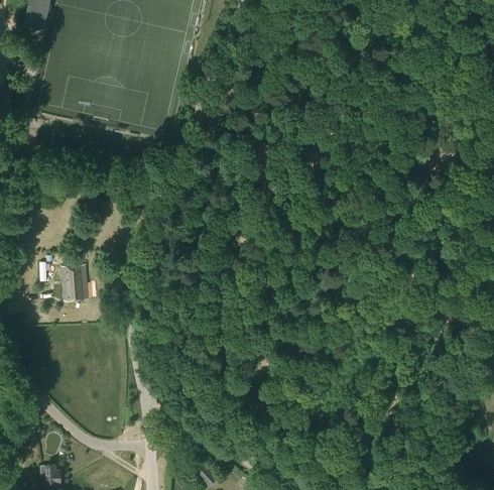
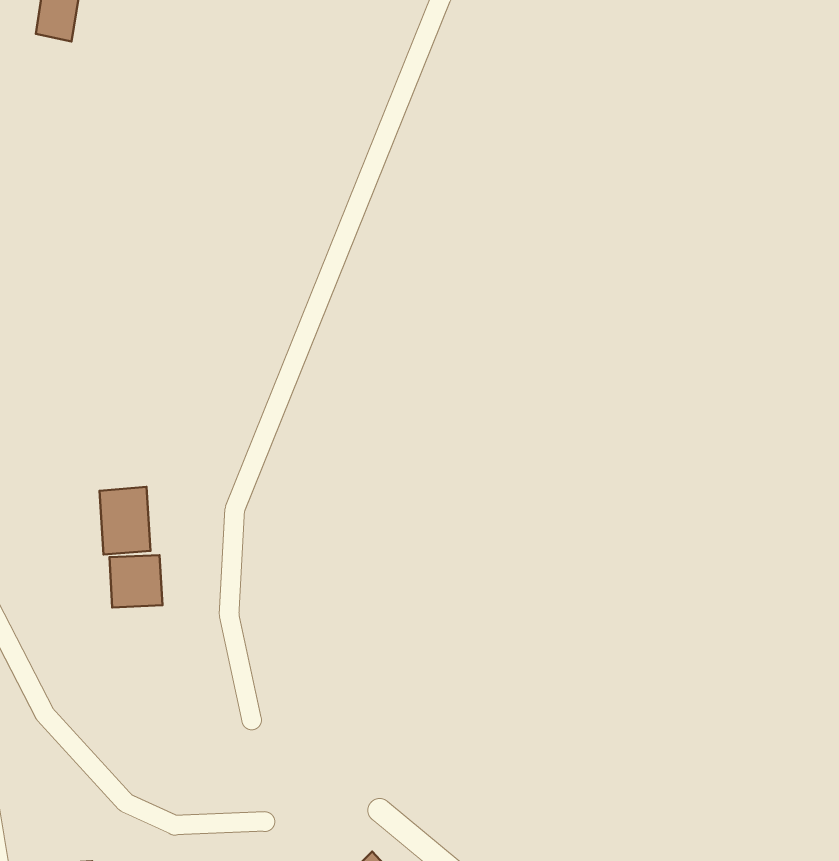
building: none -> [109,555,163,607]

